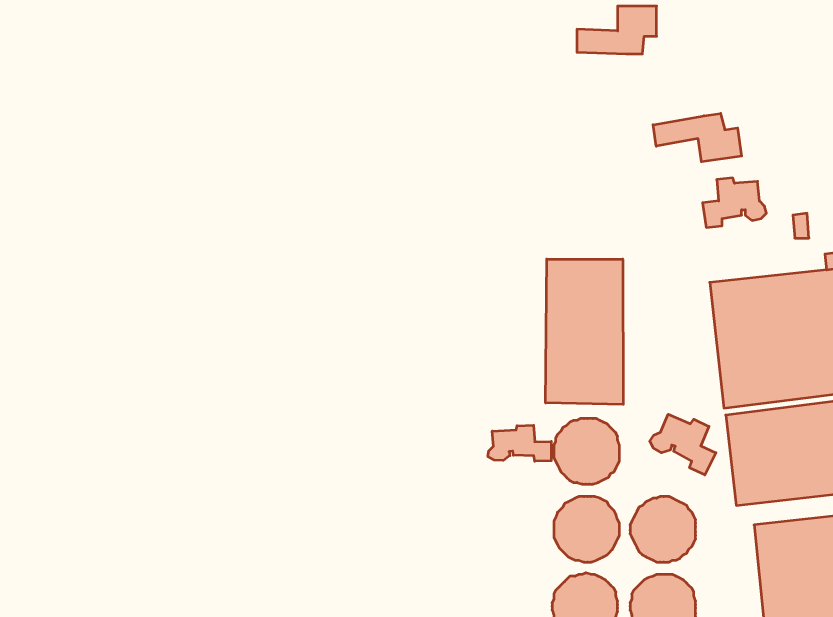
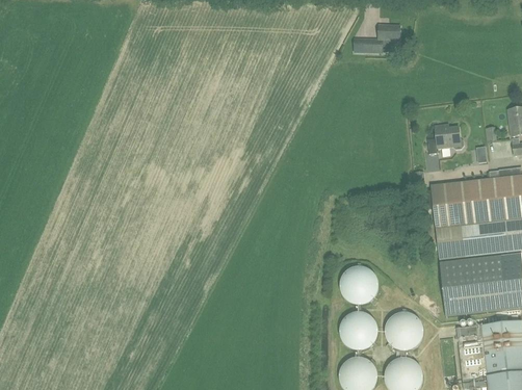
building: [653,113,742,162] -> none
building: [546,259,623,404] -> none
building: [650,414,716,475] -> none
building: [488,425,551,461] -> none

